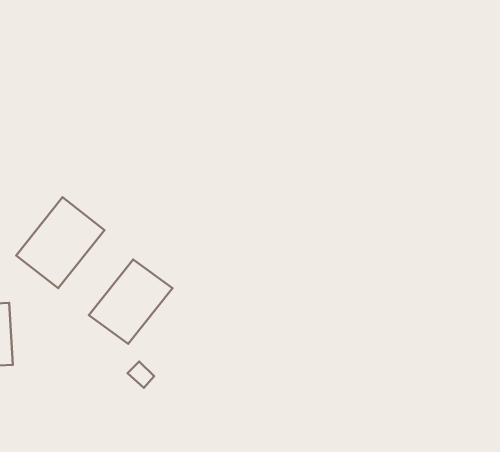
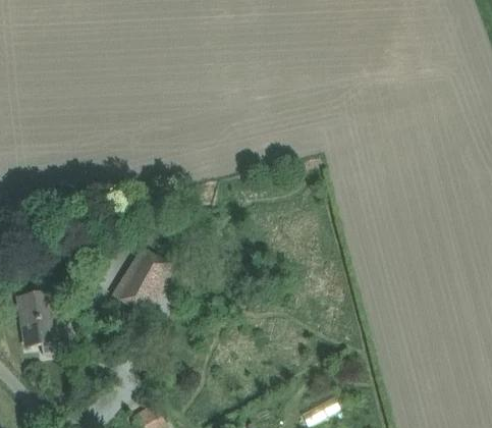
building: [16,197,105,288] -> none

